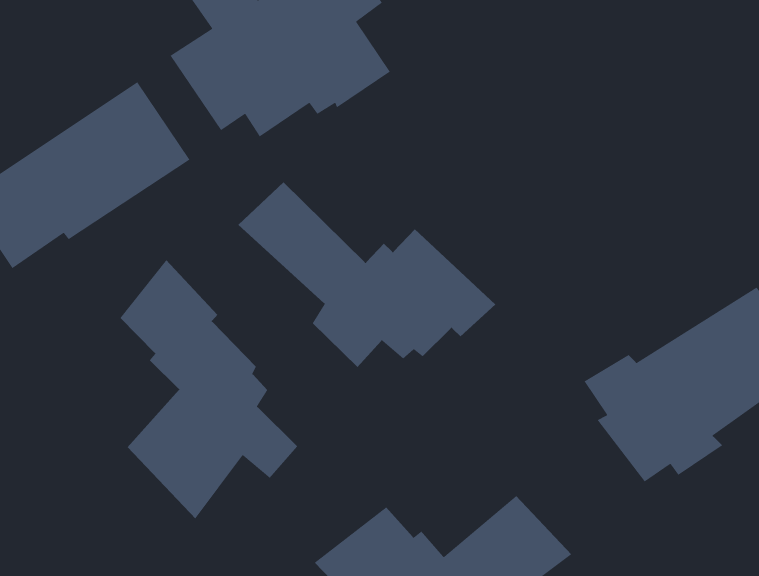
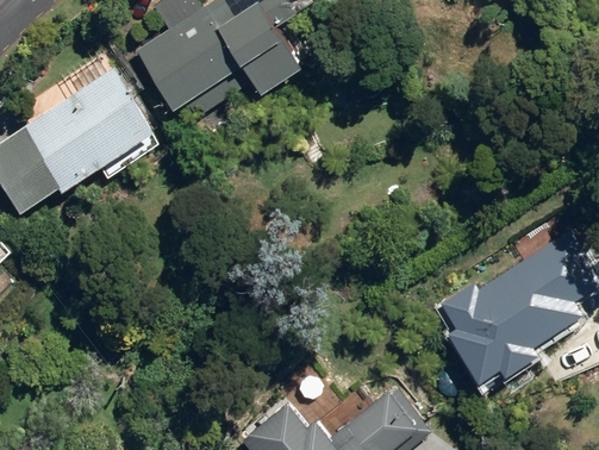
building: [238,181,496,368] -> none
building: [119,259,298,520] -> none

